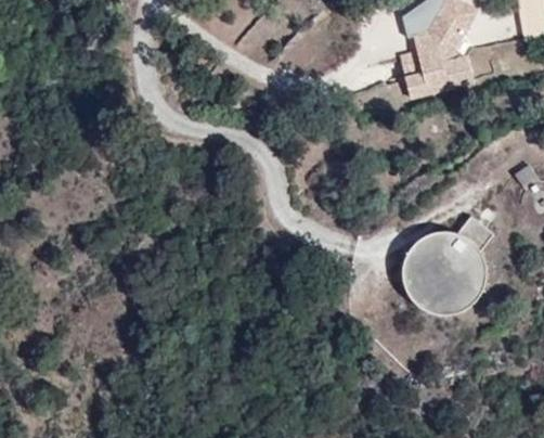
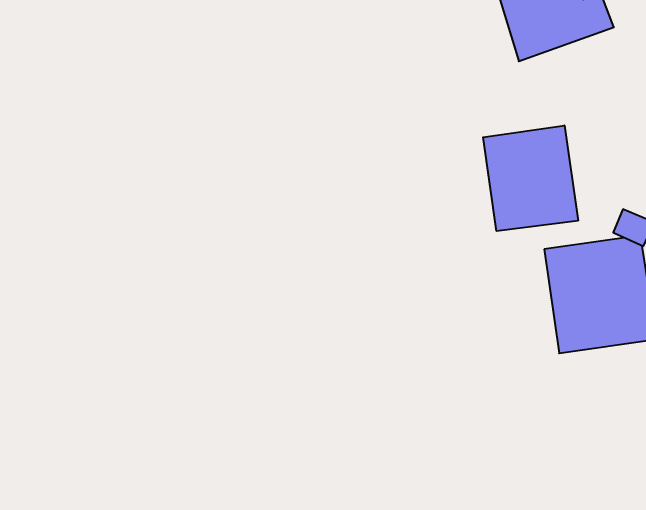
building: none -> [483,125,578,231]

